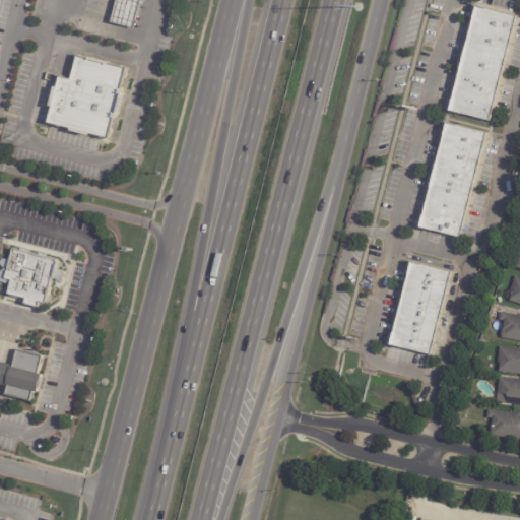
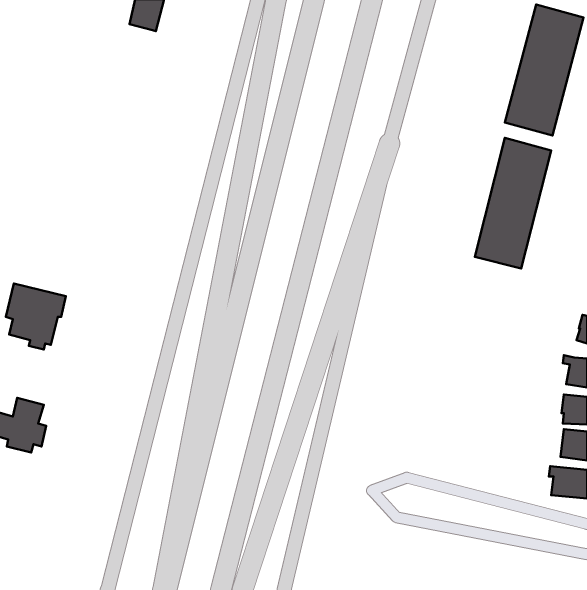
building: [47,55,127,137] -> none
building: [388,262,450,354] -> none

